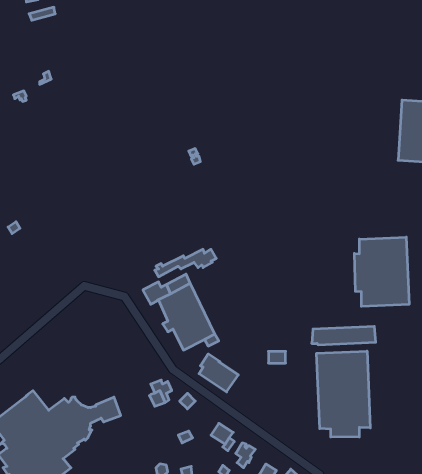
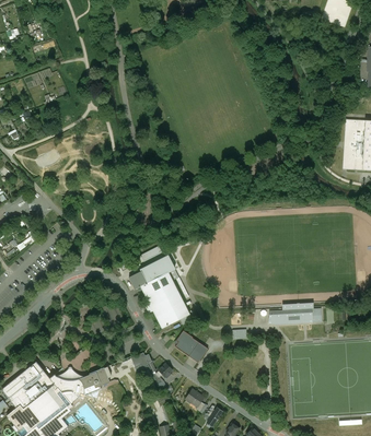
building: [354,237,409,306] -> none
building: [317,351,370,437] -> none

